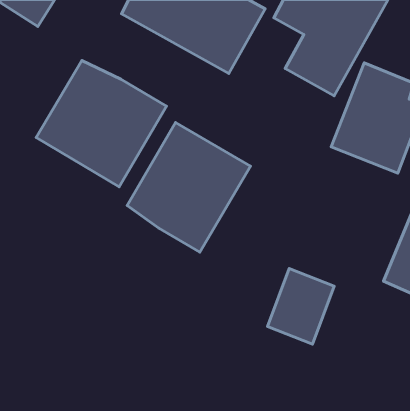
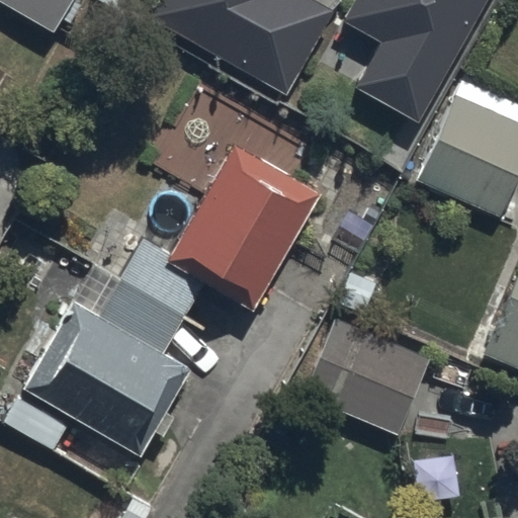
building: [36,60,167,187] -> none
building: none -> [25,243,201,457]

